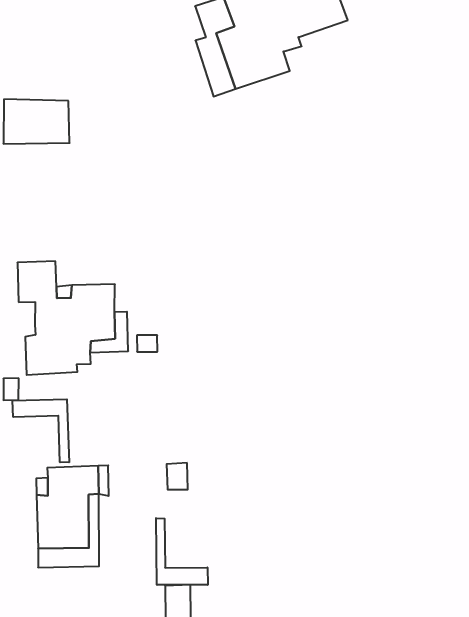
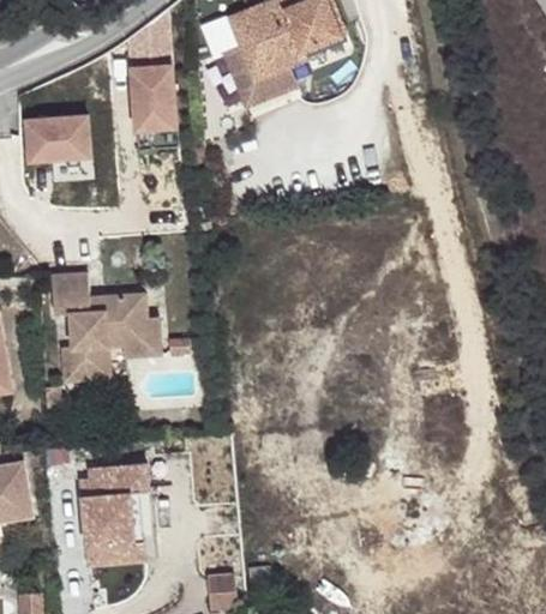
building: none -> [130,68,176,134]
building: [13,399,69,462] -> none
building: [156,518,208,585] -> none

